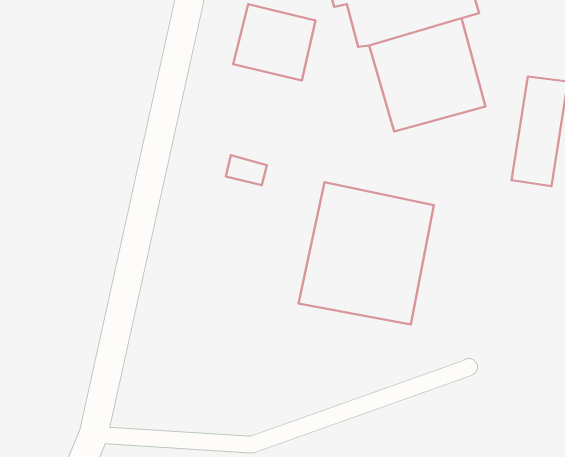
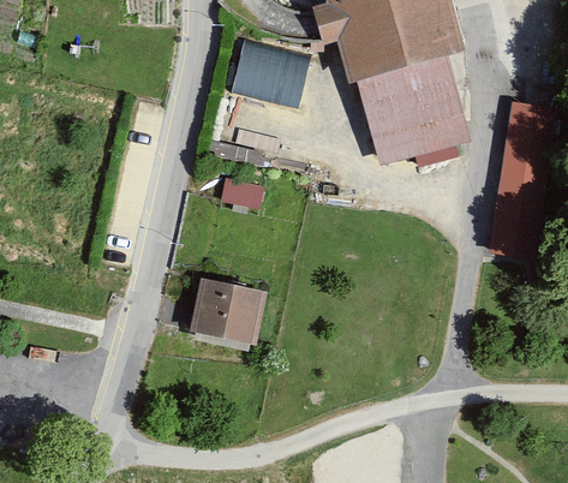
building: [298,182,434,324] -> none
building: none -> [193,280,265,340]

